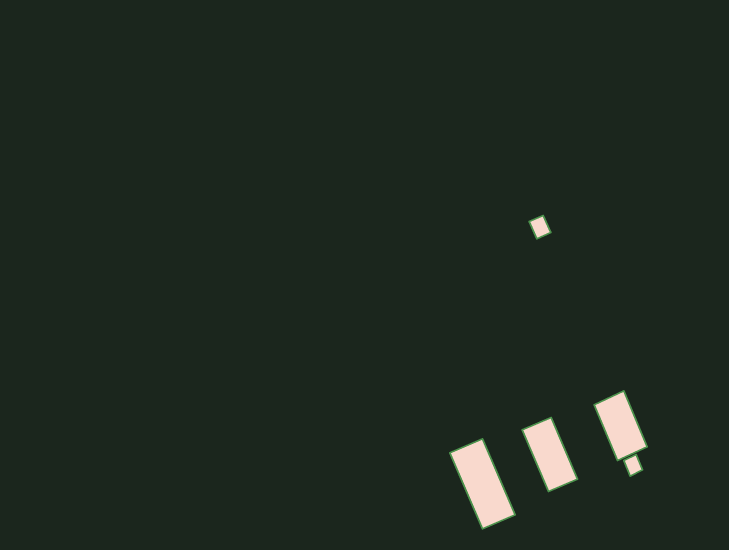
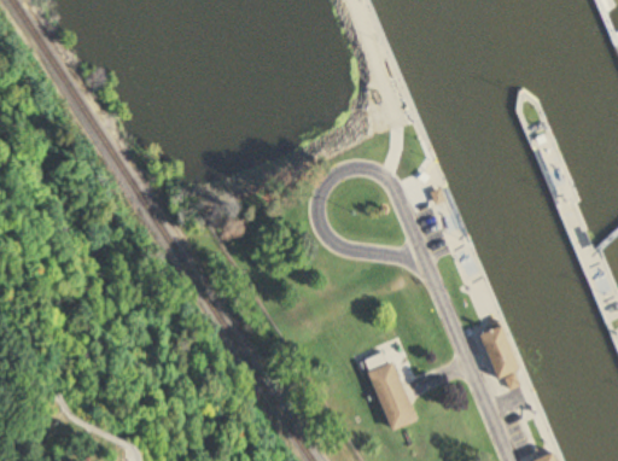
building: [522,418,577,491] -> none

